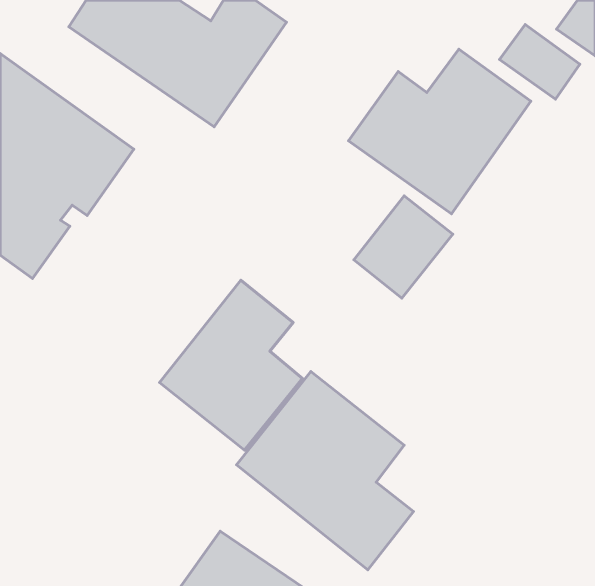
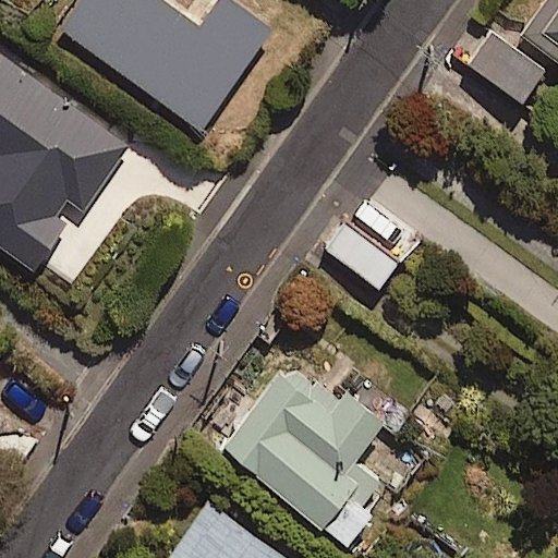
building: [348,49,531,214] -> none
building: [159,280,302,450] -> none

